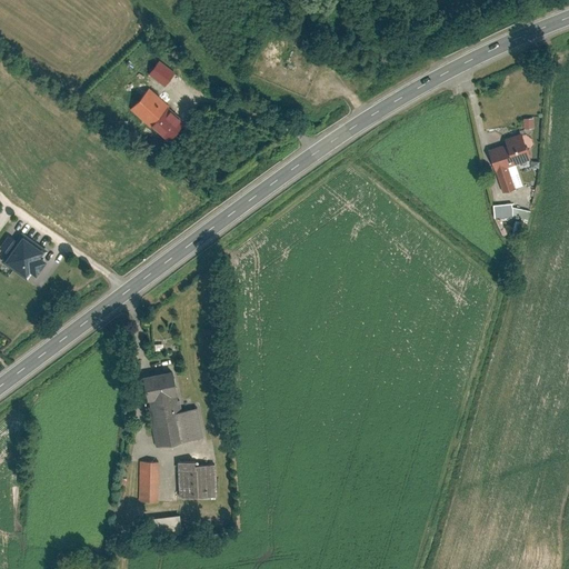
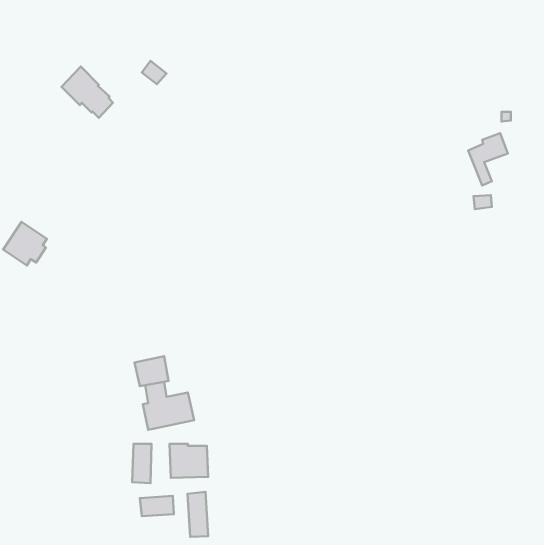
building: [130,89,183,142] -> [62,67,113,118]
building: none -> [187,492,208,537]

